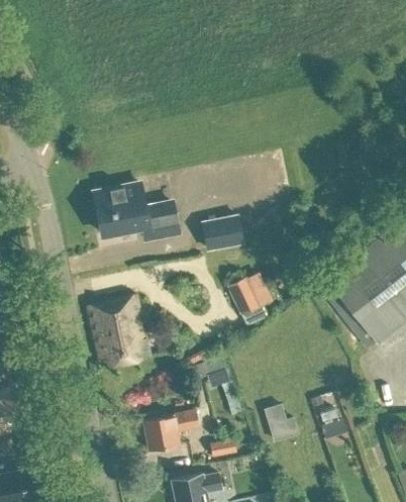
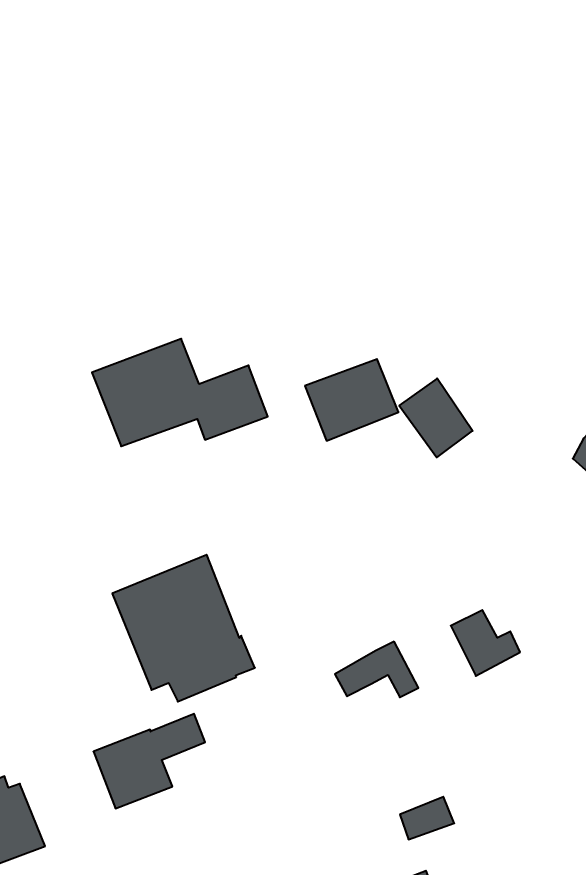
building: [227,278,262,317] -> [399,378,473,457]
building: [266,405,298,437] -> [451,610,520,676]
building: [145,411,202,451] -> [93,714,205,808]

